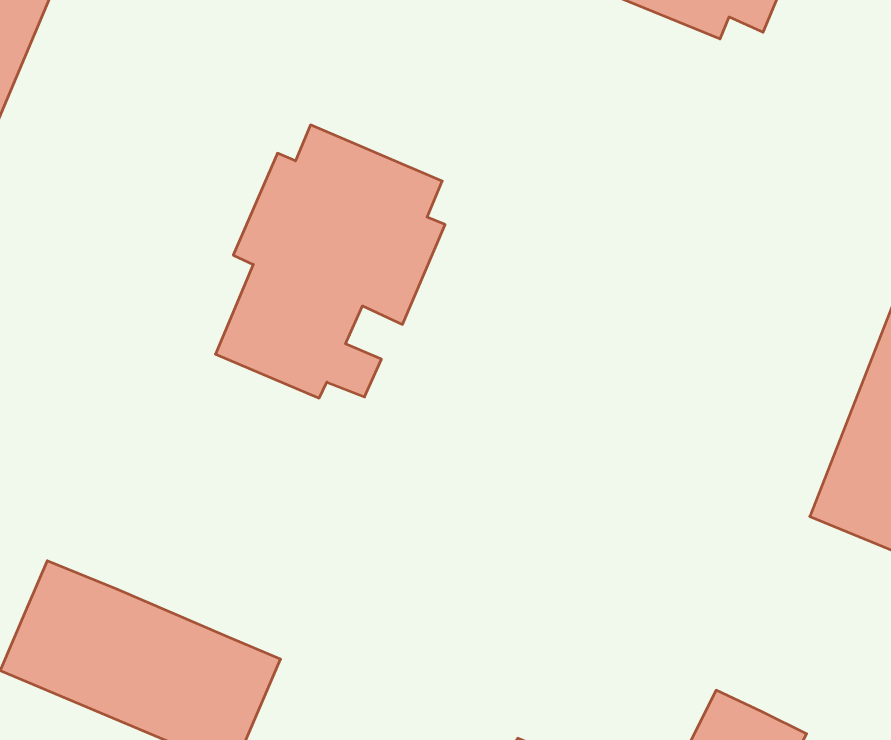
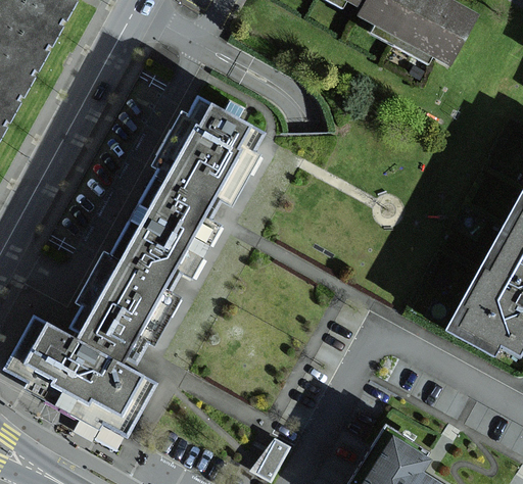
building: none -> [72,211,205,364]

